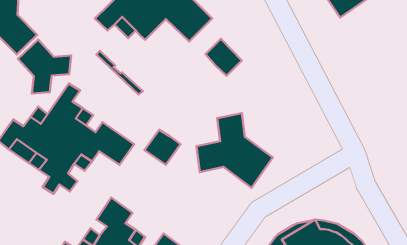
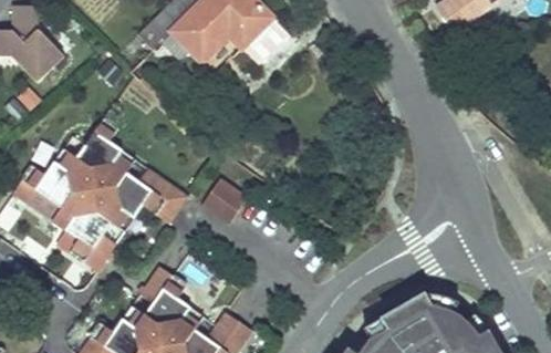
building: [205,39,242,76] -> none
building: [18,39,71,93] -> none
building: [197,113,273,188] -> none

